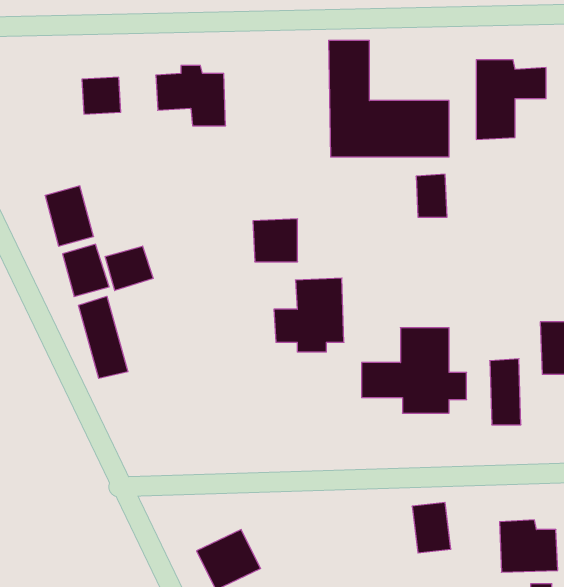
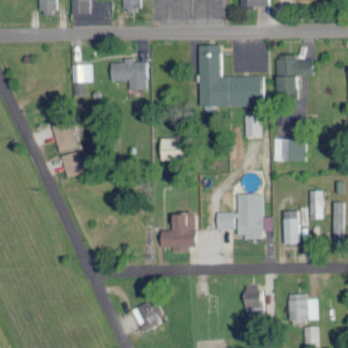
building: none -> [275,139,306,161]
building: [105,246,153,291] -> none
building: [274,278,344,352] -> [161,214,197,252]
building: [79,296,128,378] -> none

